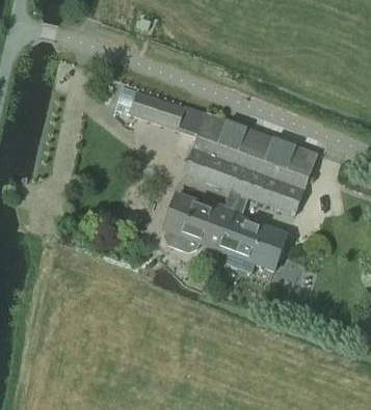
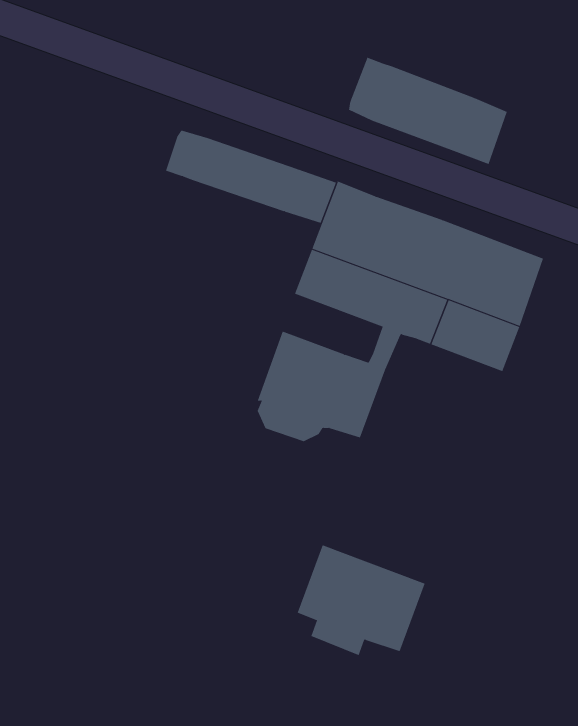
building: none -> [348,57,508,165]
building: [218,213,287,272] -> [297,545,425,656]

